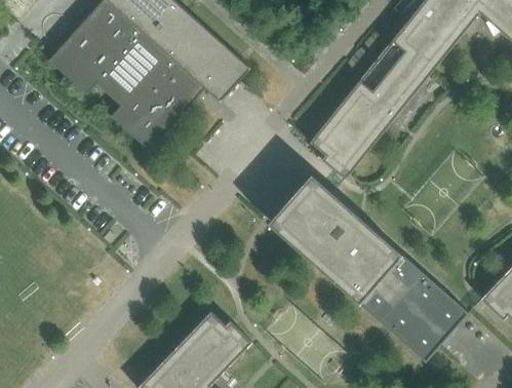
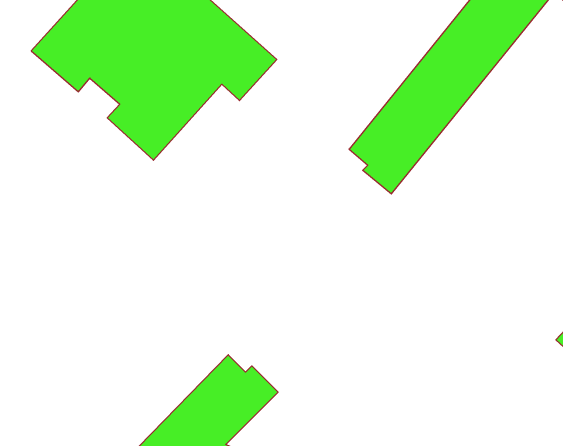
building: [268,173,468,361] -> none

